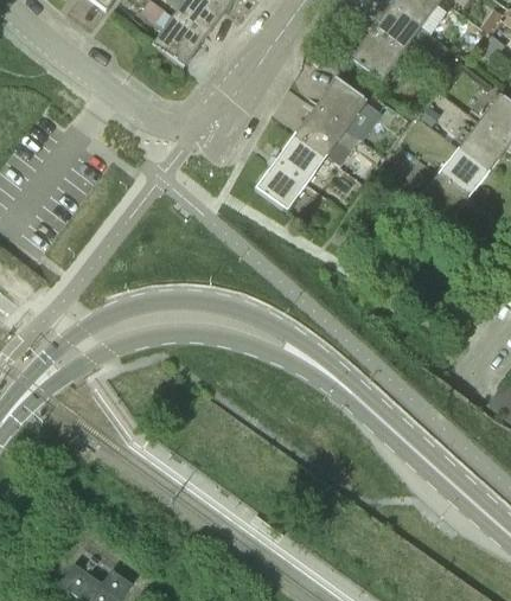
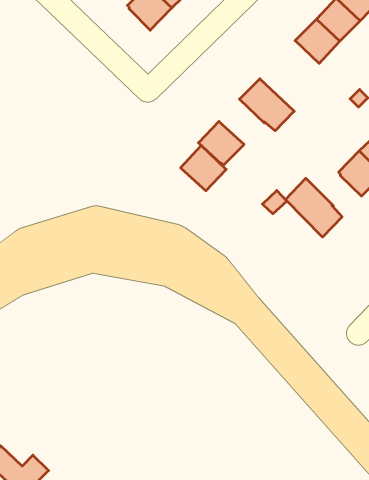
building: [315,77,383,139] -> none
building: [275,132,327,183] -> [181,145,226,191]
building: none -> [285,178,342,237]

